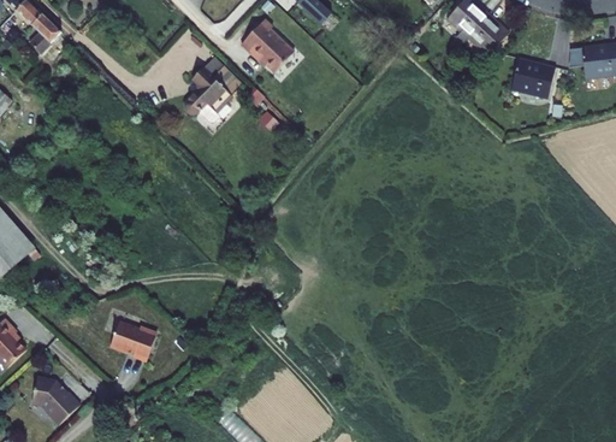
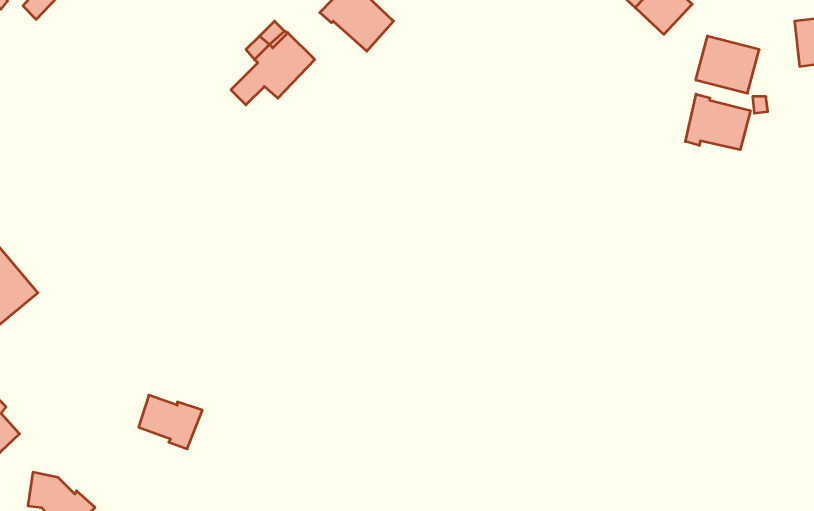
building: none -> [685,94,750,150]

